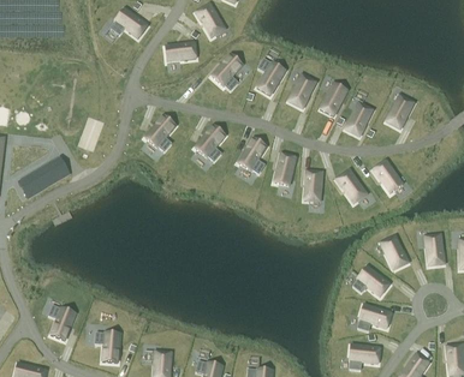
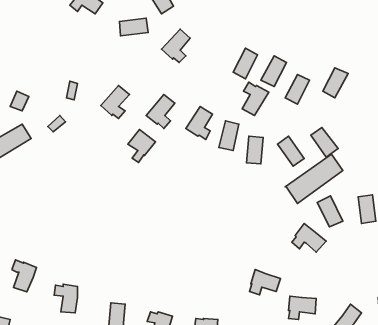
building: [257,59,286,95] -> [242,82,269,115]
building: none -> [128,129,155,163]
building: none -> [285,154,343,204]
building: [358,304,392,331] -> [250,270,281,295]

